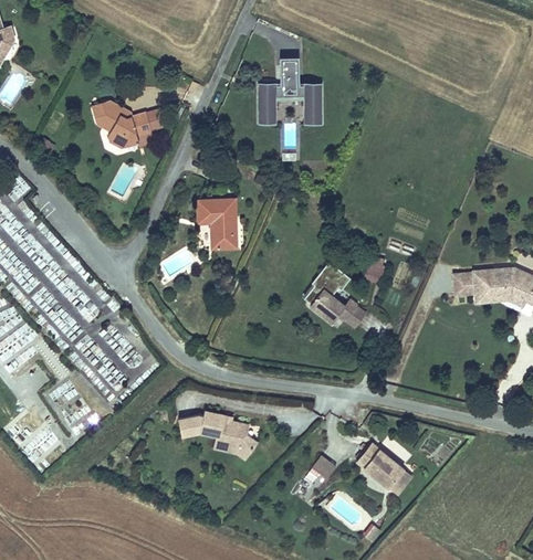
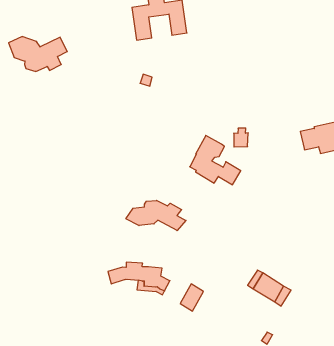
building: [195,197,237,250] -> none
building: none -> [126,200,186,231]
building: [304,454,336,489] -> [180,284,203,311]

